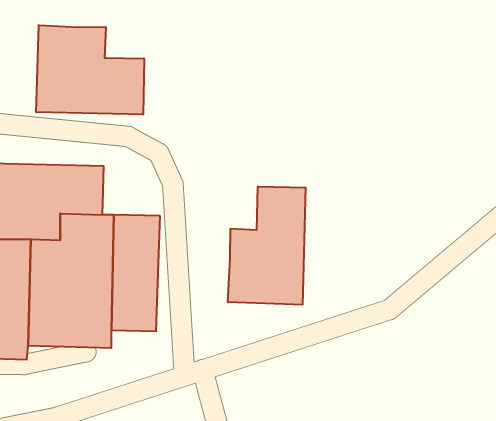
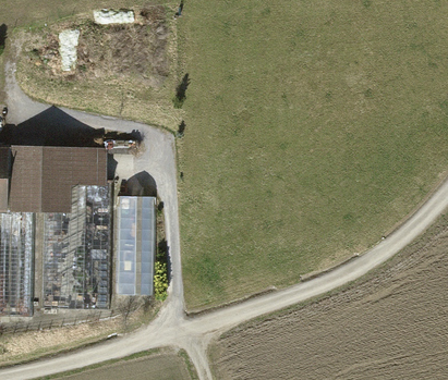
building: [36,25,144,115] -> none
building: [228,186,306,305] -> none

